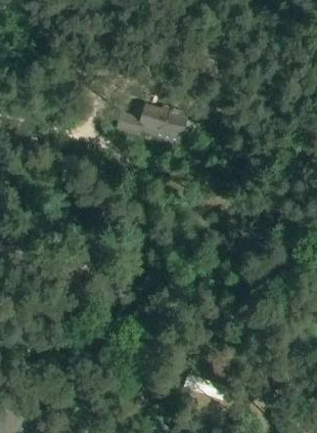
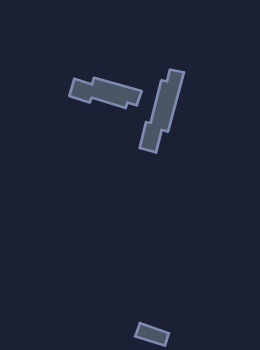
building: none -> [140,70,184,153]

